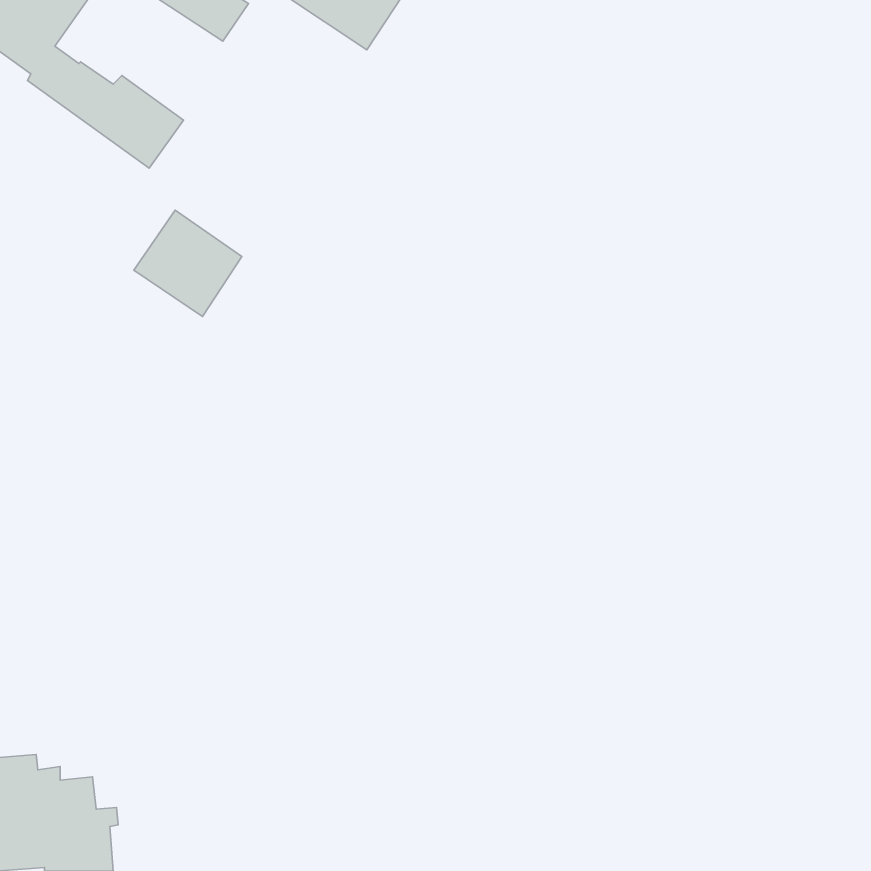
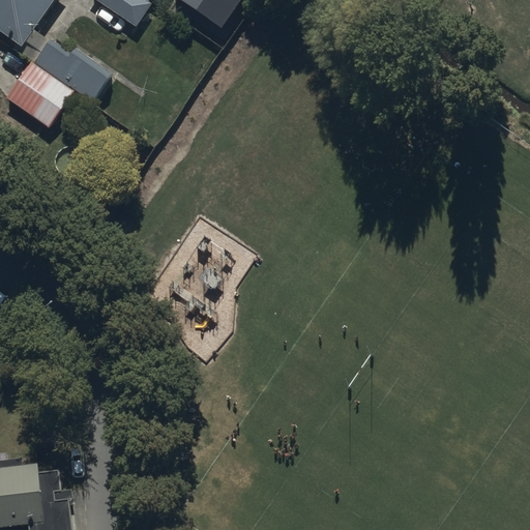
building: [134,210,242,317] -> [6,62,71,126]

